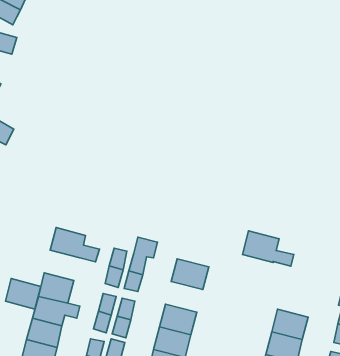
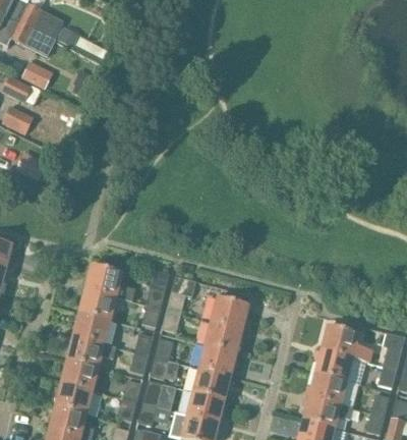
building: [243,231,294,266] -> [321,325,373,362]
building: [5,278,41,309] -> [79,288,116,320]
building: none -> [205,321,243,352]

